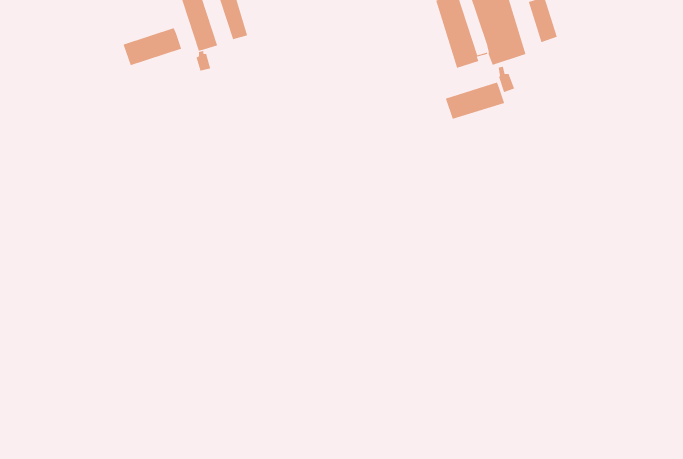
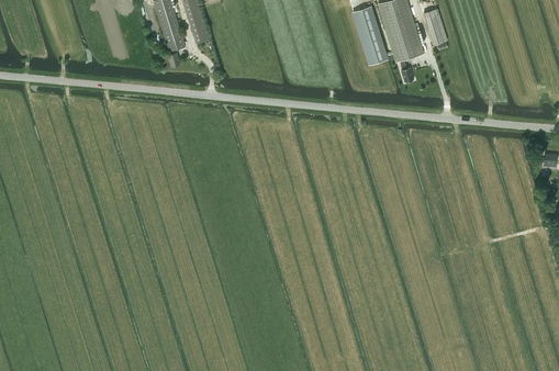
building: [122,27,182,66] -> none
building: [445,81,505,120] -> none

